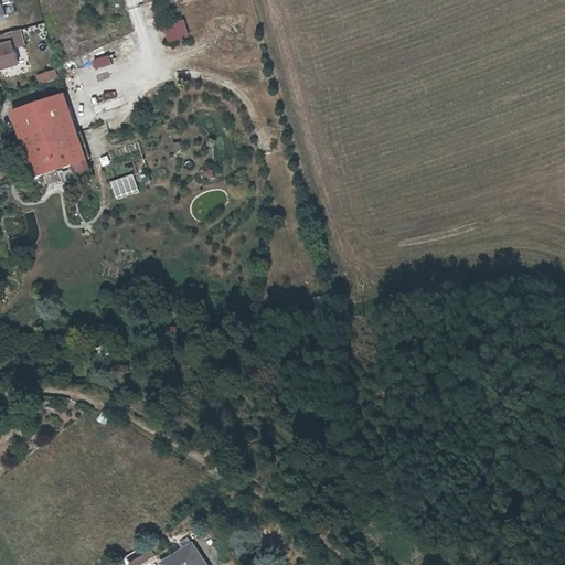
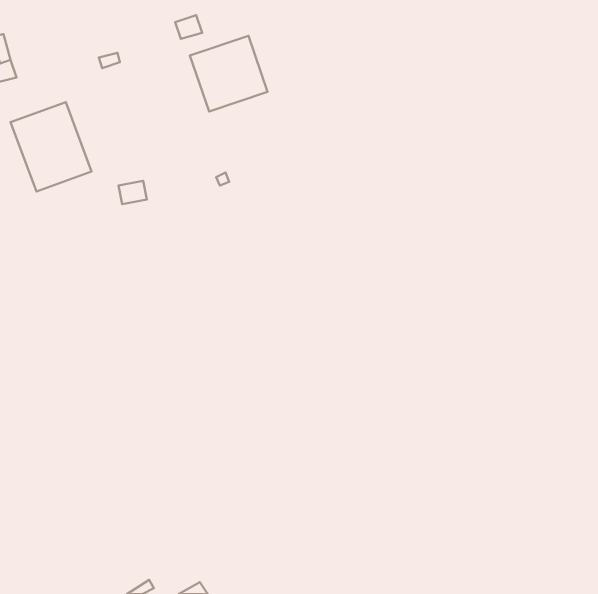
building: none -> [190,36,268,112]

